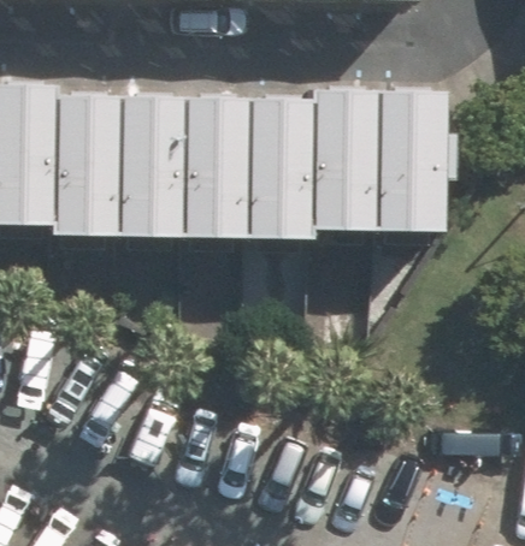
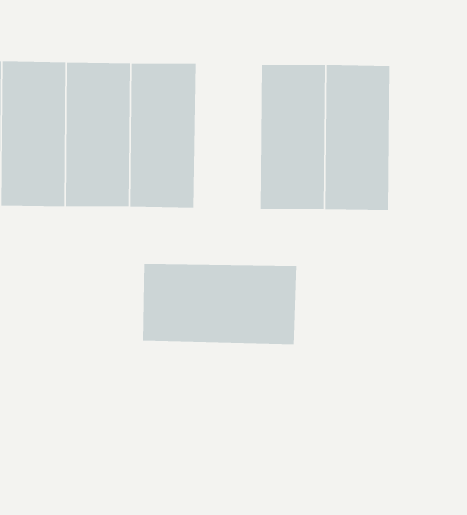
building: [248,93,314,237] -> none
building: none -> [143,263,297,345]

